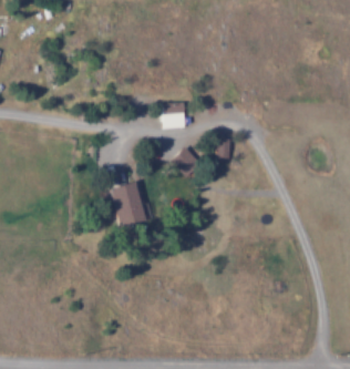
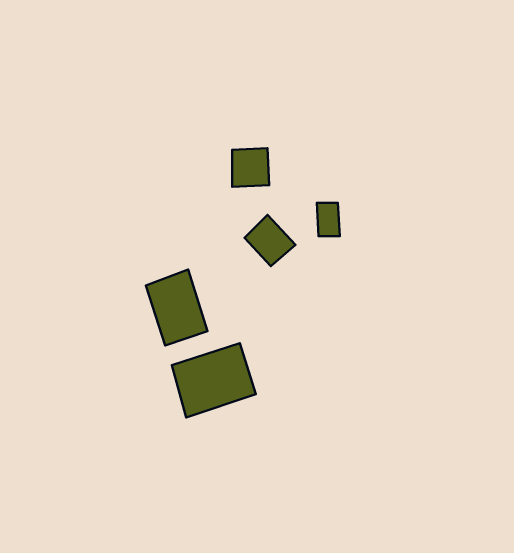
building: none -> [172,343,256,417]

